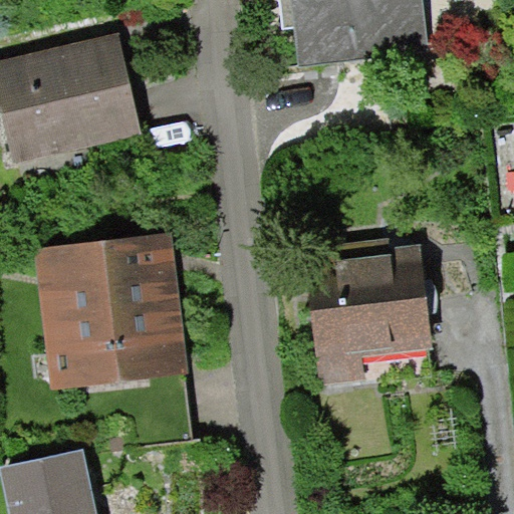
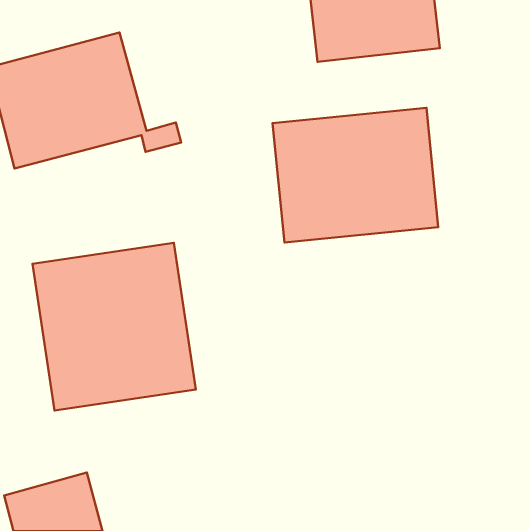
building: none -> [273,108,438,243]
building: [305,245,473,393] -> none

